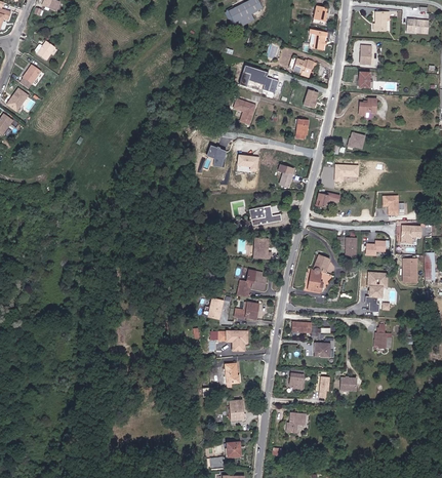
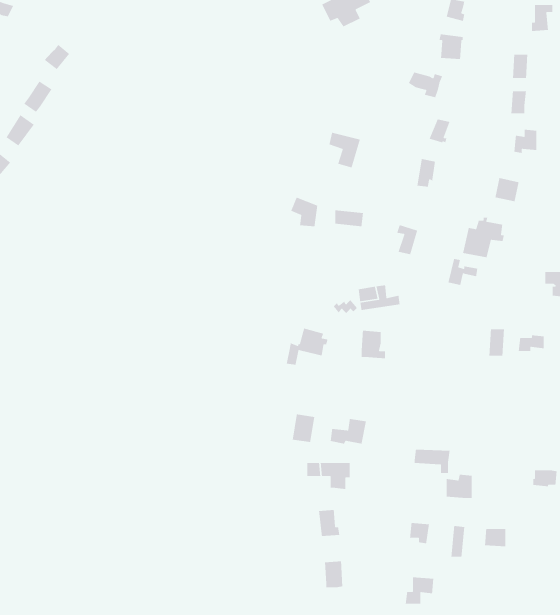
building: [239,65,278,92] -> none
building: [307,253,328,291] -> none
building: [237,271,267,297] -> [286,327,328,366]
building: [366,271,389,310] -> none

